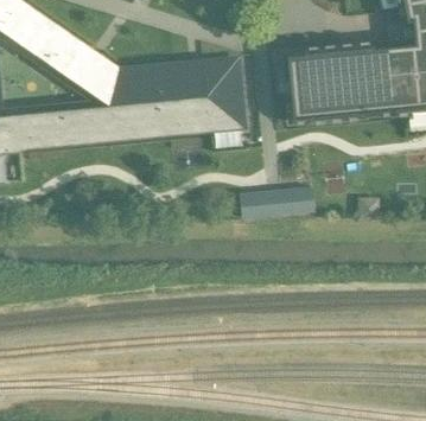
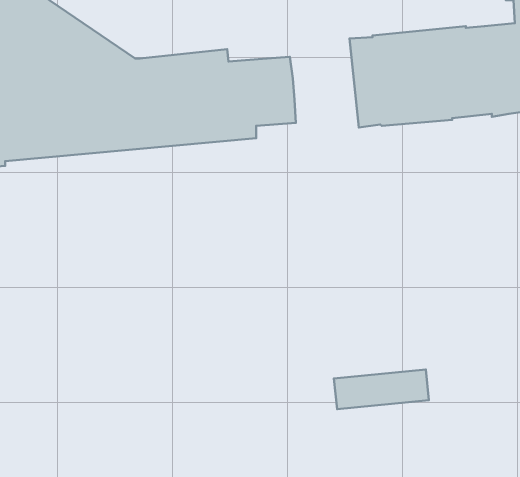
building: [240,186,313,217] -> [334,369,429,409]

